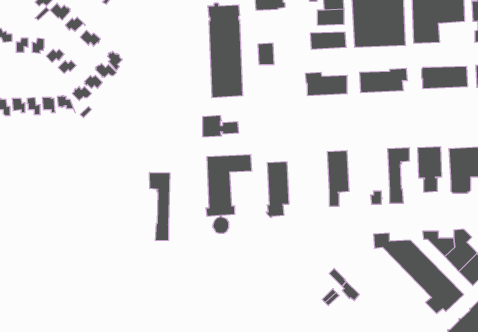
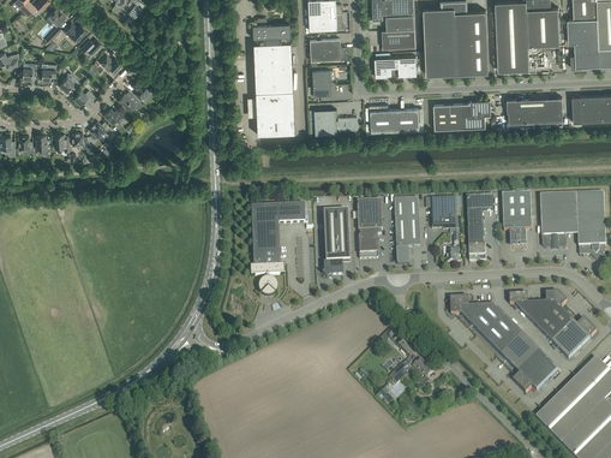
building: none -> [310,38,347,60]
building: [203,116,239,137] -> [315,109,358,135]
building: none -> [431,197,459,228]
building: none -> [357,201,382,258]
building: [150,172,170,241] -> none

